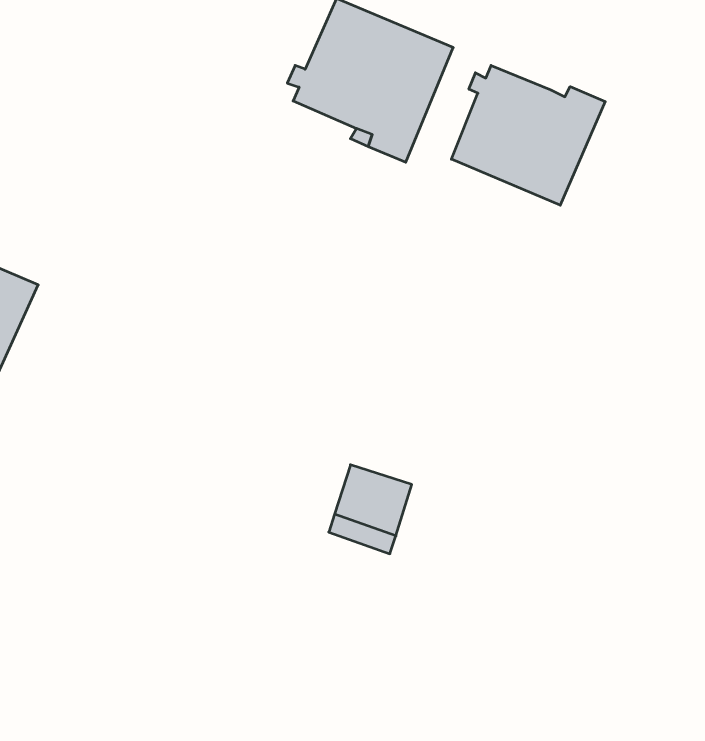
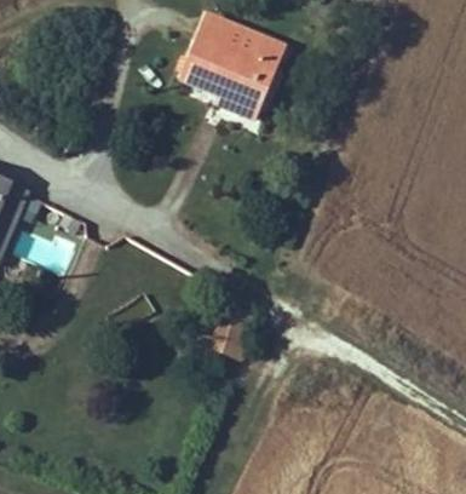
building: [451,65,605,205] -> none

